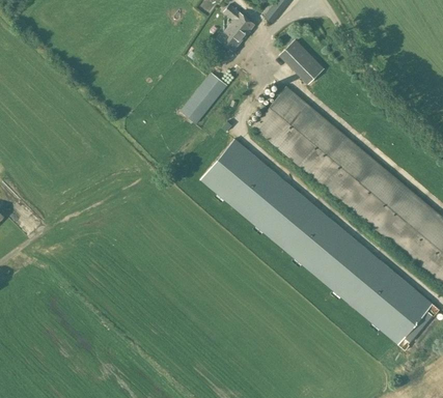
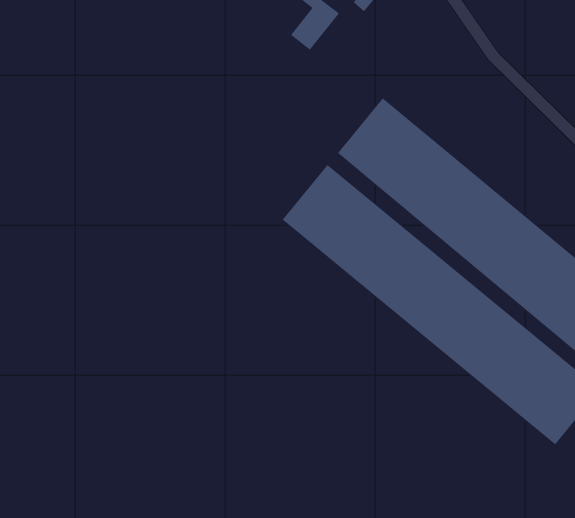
building: [276,40,322,86] -> none
building: [177,74,225,126] -> none

